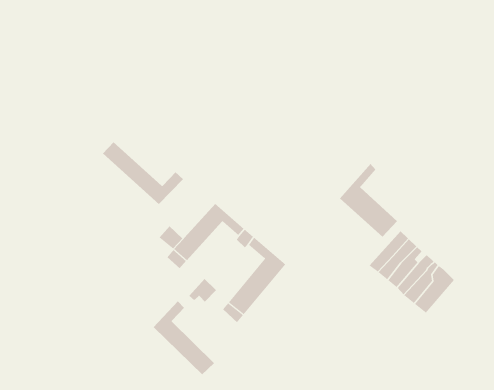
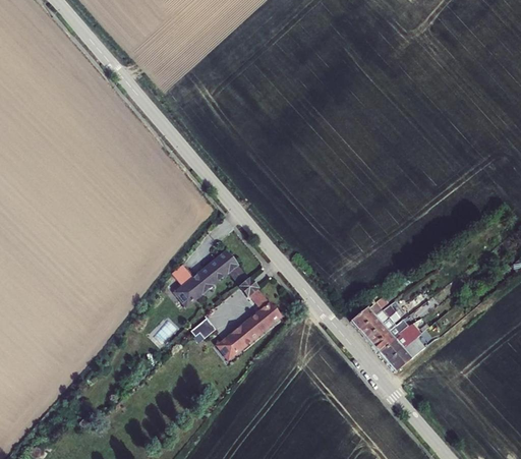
building: [102,142,184,205] -> none
building: [339,163,398,238] -> none
building: [153,300,215,375] -> none

